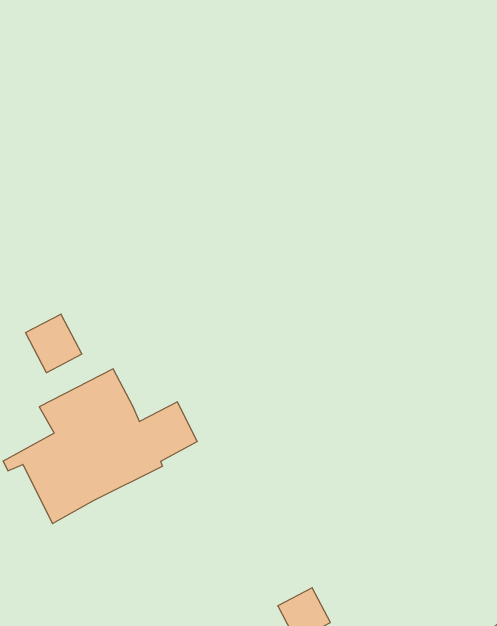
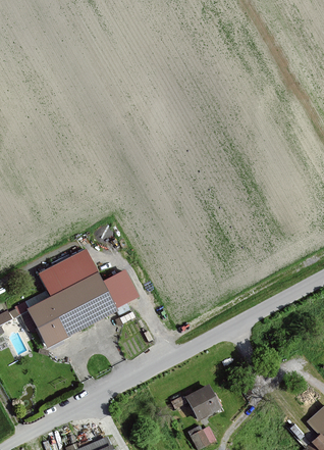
building: [26,314,82,373] -> none

